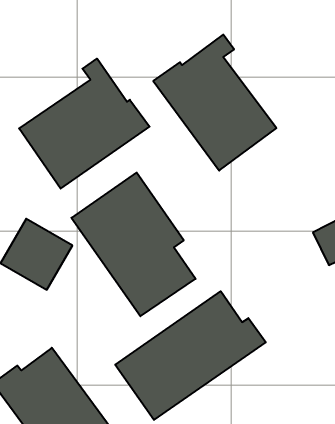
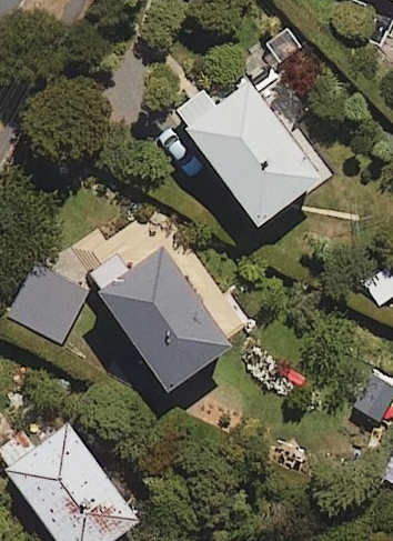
building: [19,59,150,189] -> none
building: [115,291,266,420] -> none

